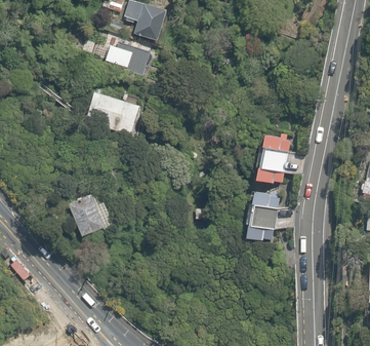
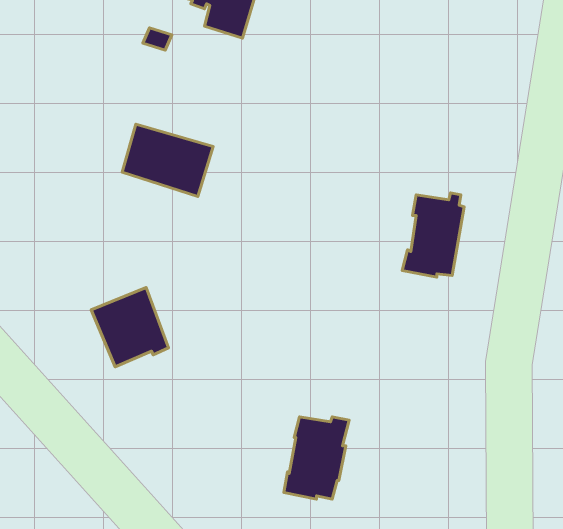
building: [113,43,153,77] -> none
building: [243,192,282,241] -> [284,417,349,499]

